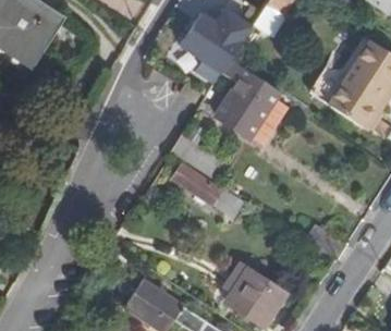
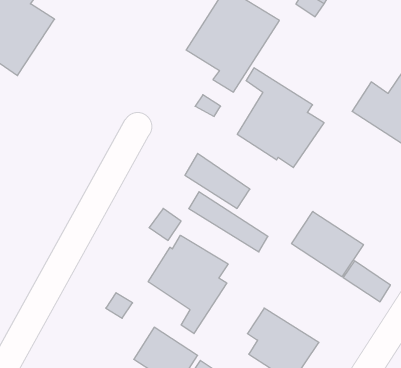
building: none -> [292,211,363,277]
building: none -> [148,235,228,334]

